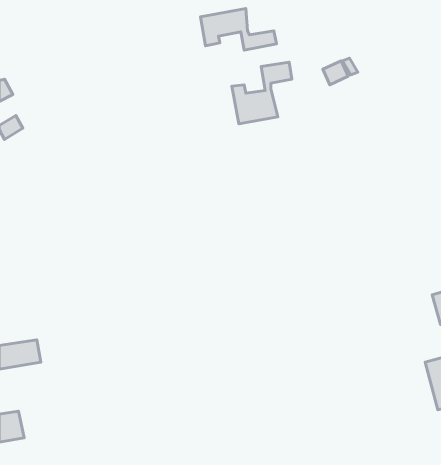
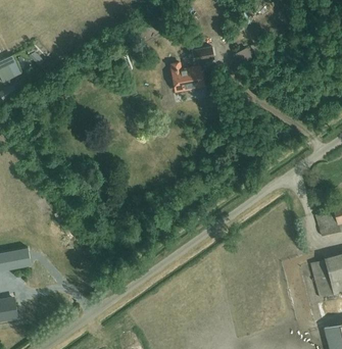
building: [201,9,276,50] -> none

